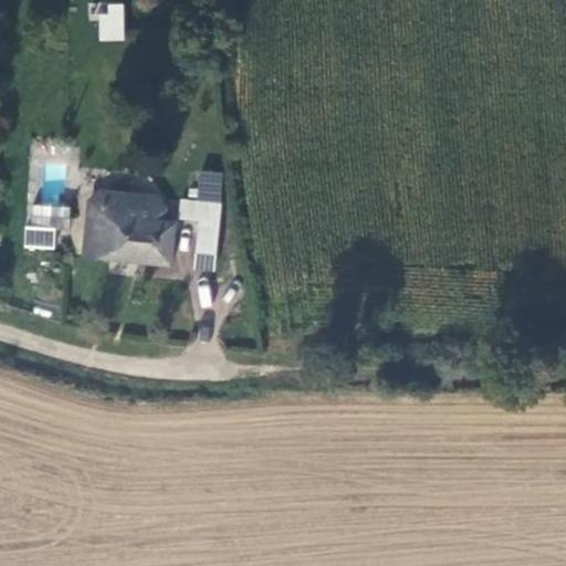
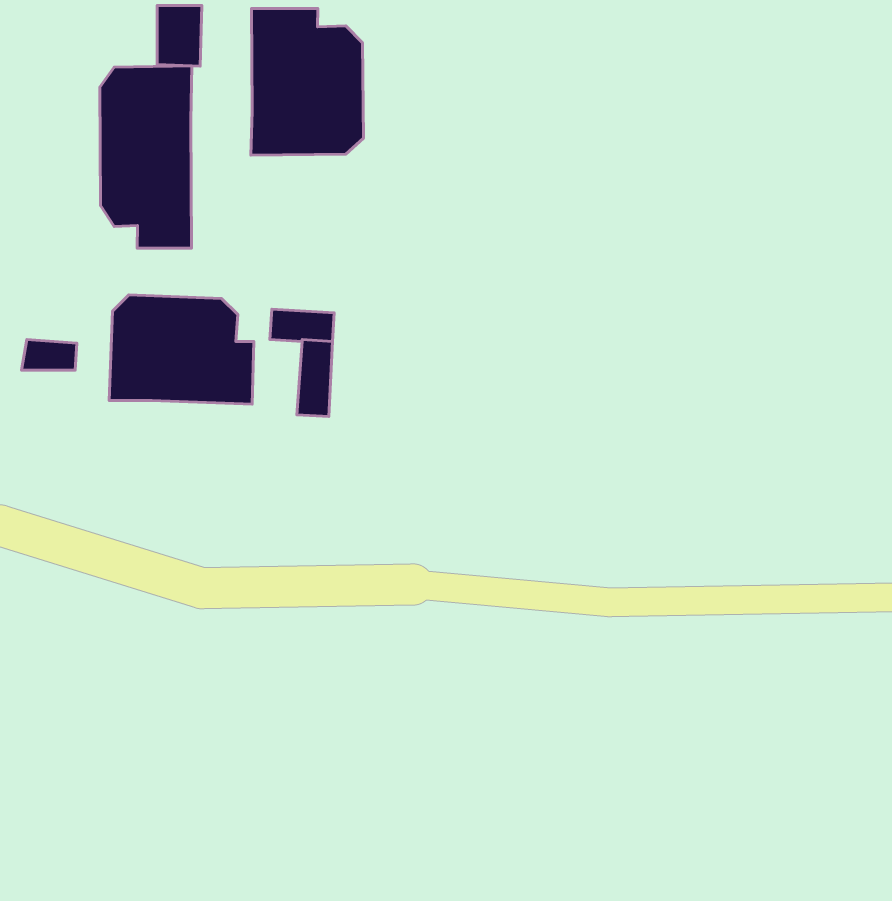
building: none -> [251,9,363,155]
building: none -> [100,66,192,248]

